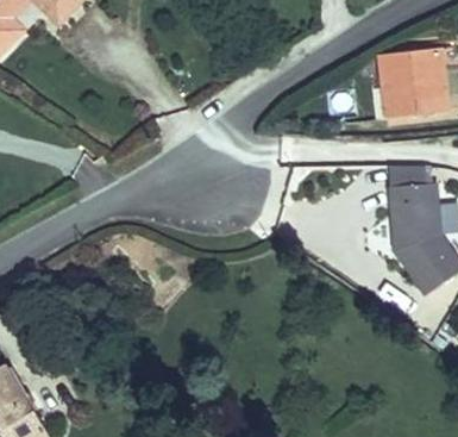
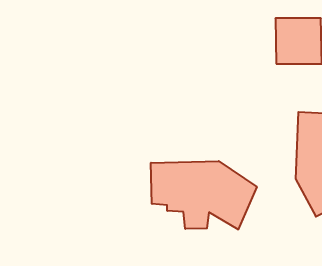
building: none -> [151,161,257,230]

